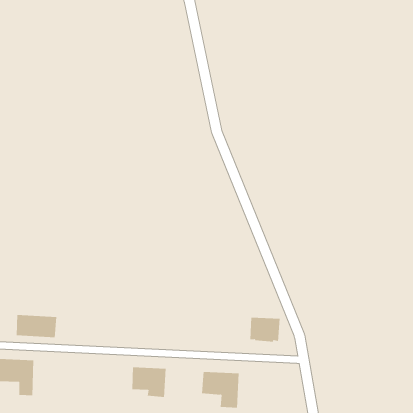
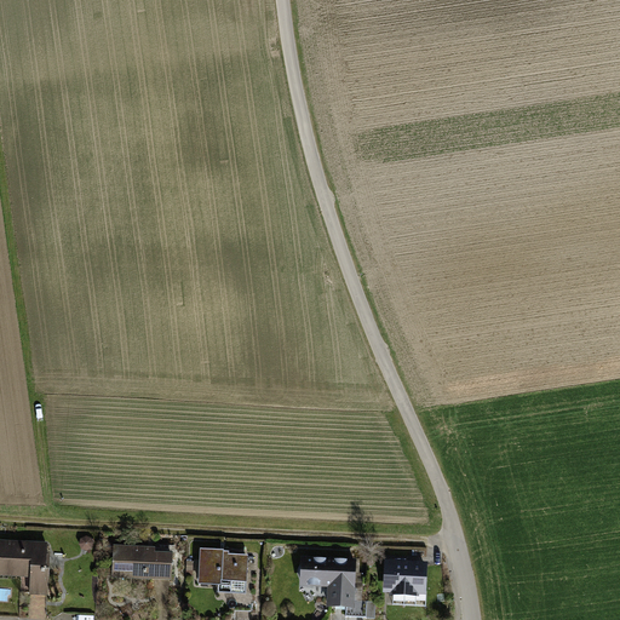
building: [16,314,57,338] -> [113,545,174,580]
building: [250,317,280,342] -> [379,561,425,598]

